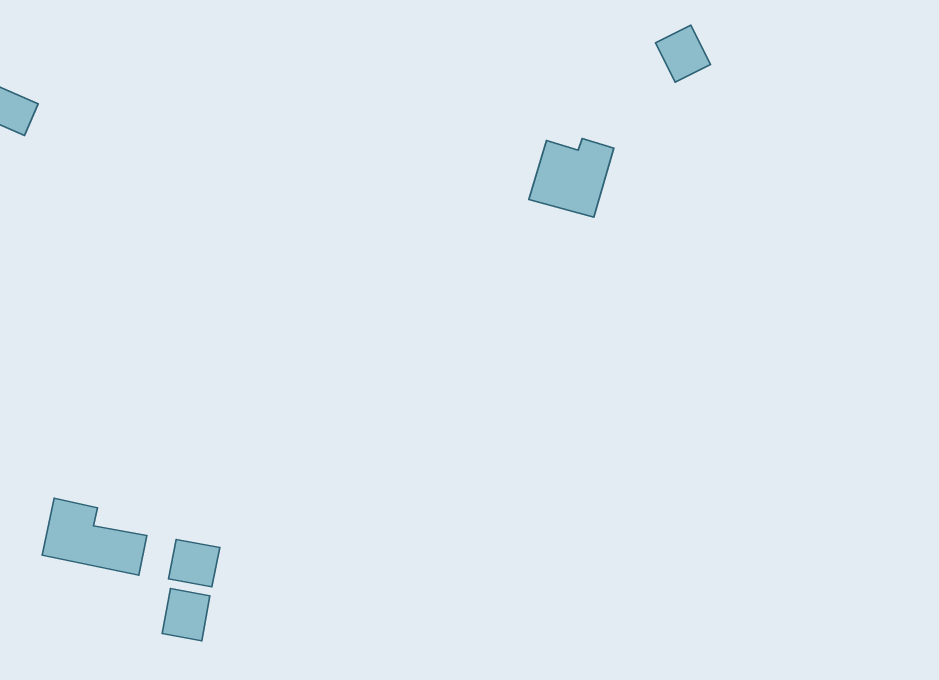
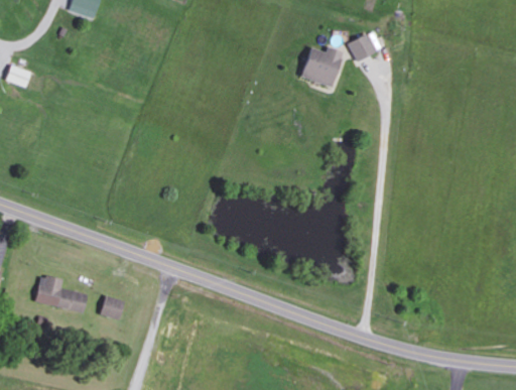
building: [529,138,614,217] -> [301,45,345,86]
building: [162,589,210,641] -> none

